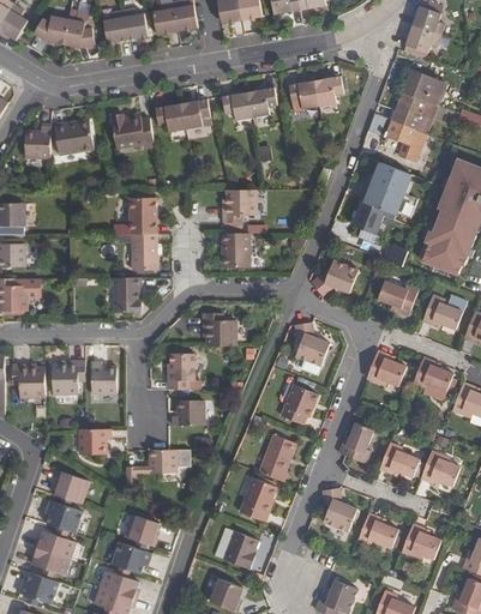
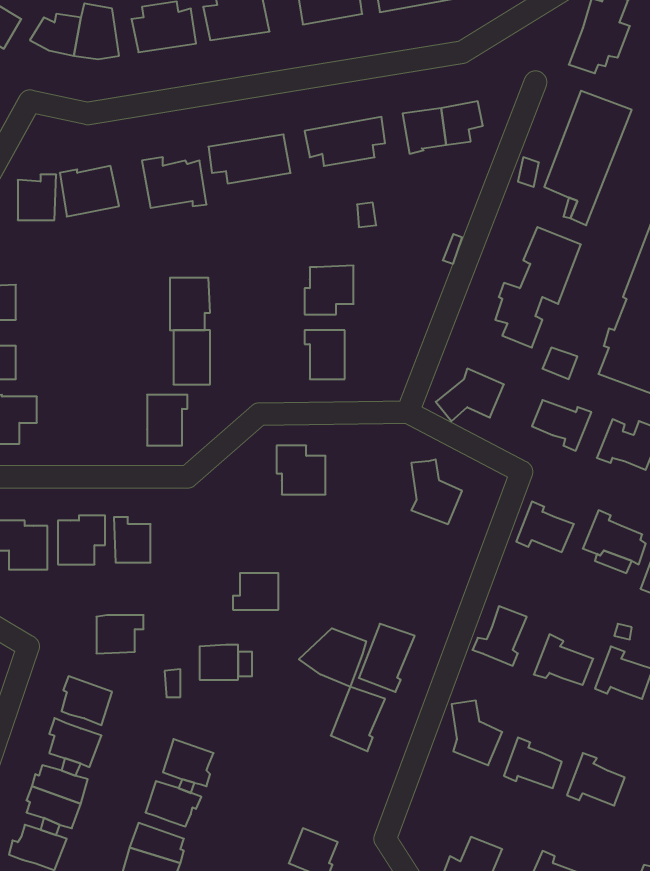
building: [166,353,193,389] -> none
building: [279,384,317,423] -> none
building: none -> [299,628,366,687]
building: [222,530,257,568] -> none

